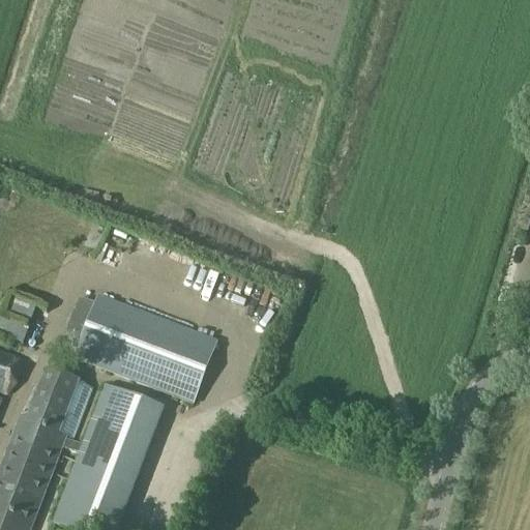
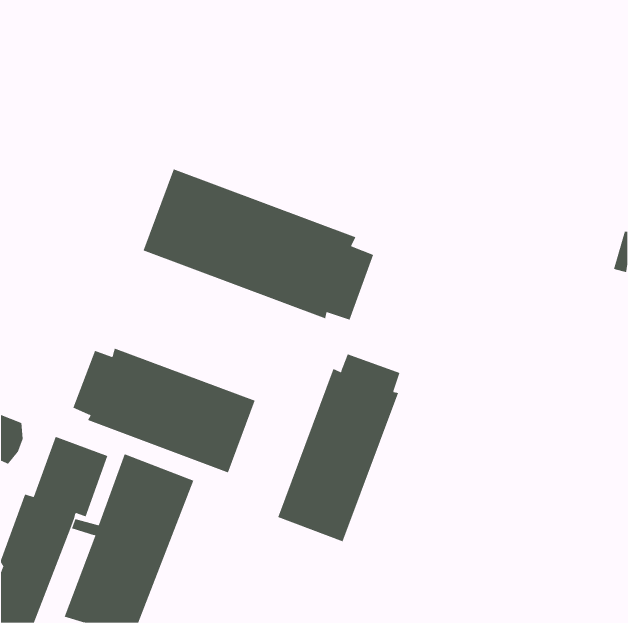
building: none -> [143,168,374,320]
building: none -> [277,354,400,542]

